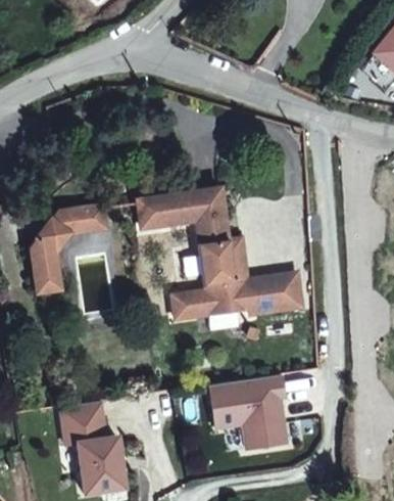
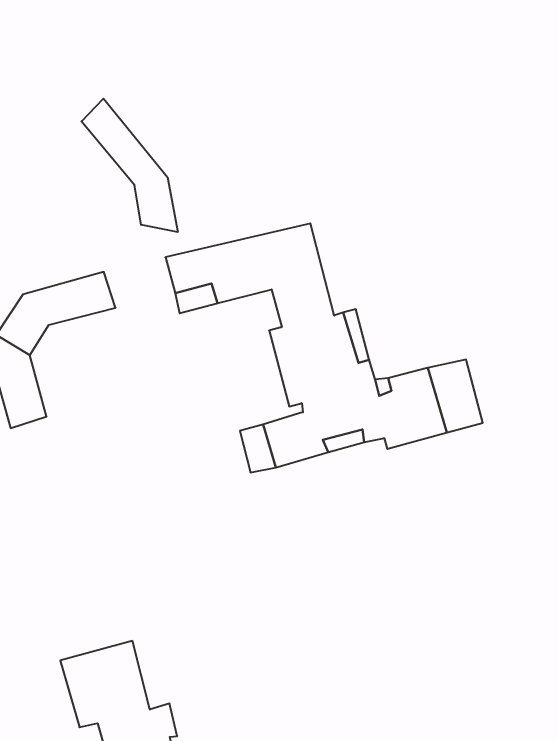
building: none -> [81,99,178,232]
building: [214,376,292,451] -> none

